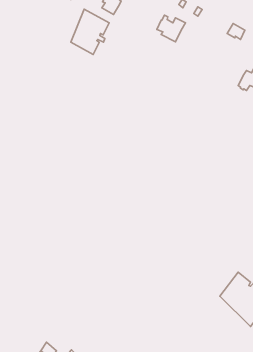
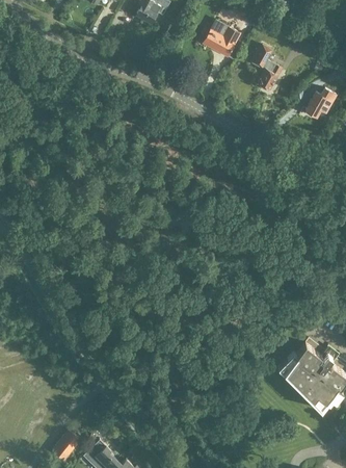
building: [71,9,109,54] -> none
building: none -> [250,45,281,92]

